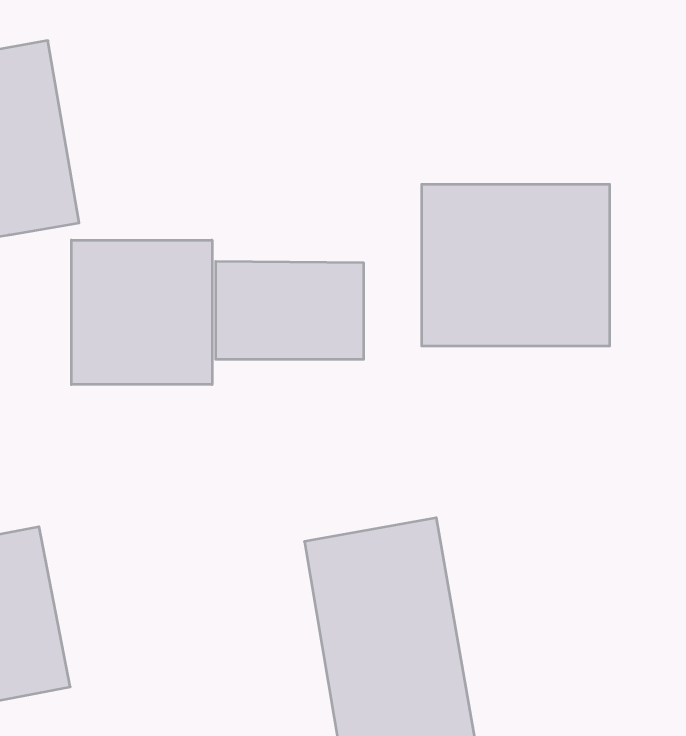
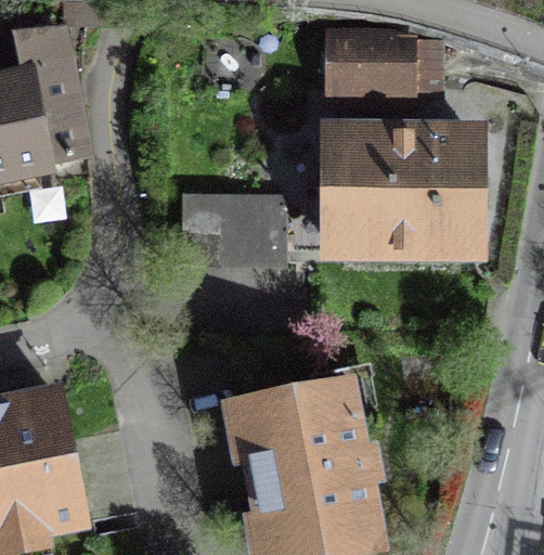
building: none -> [333,40,440,93]
building: [71,240,212,385] -> none

